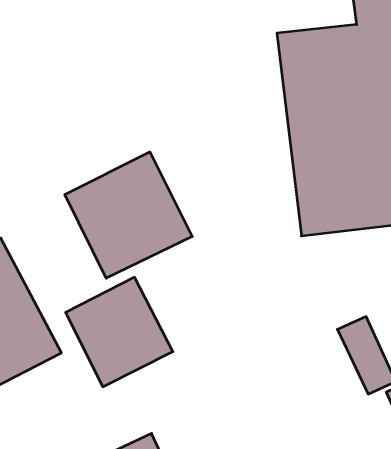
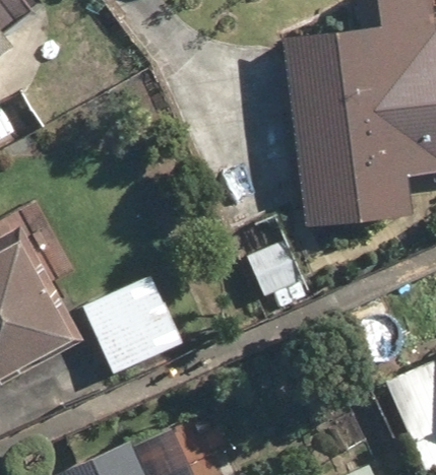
building: [65,152,192,278] -> none

